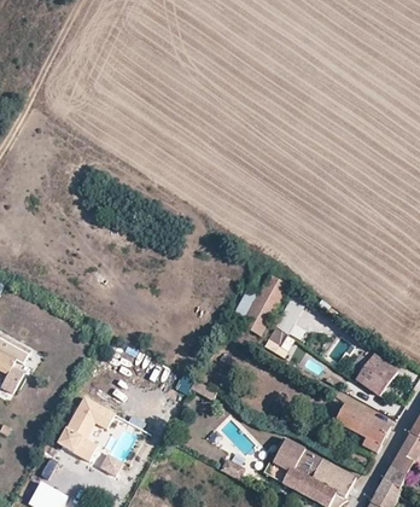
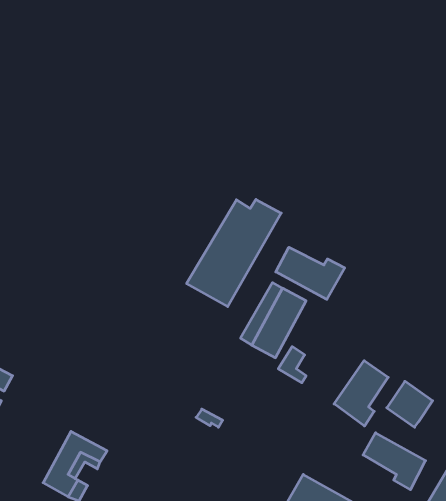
building: none -> [187,199,281,307]
building: none -> [276,247,345,299]
building: none -> [334,361,388,426]

